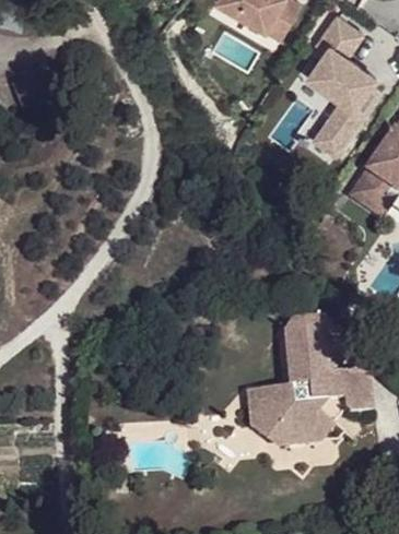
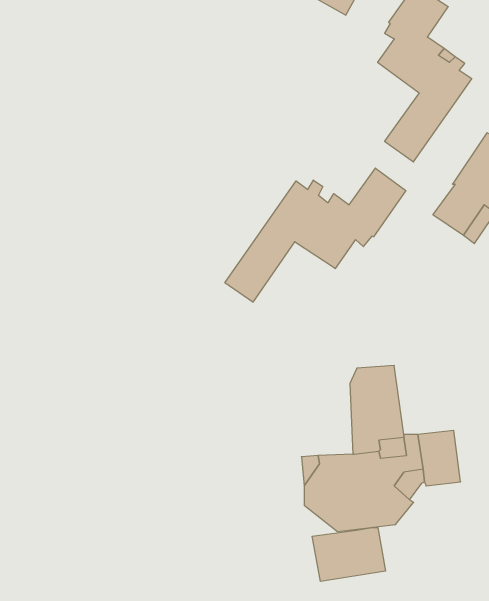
building: none -> [225,168,406,302]
building: none -> [312,527,385,581]

